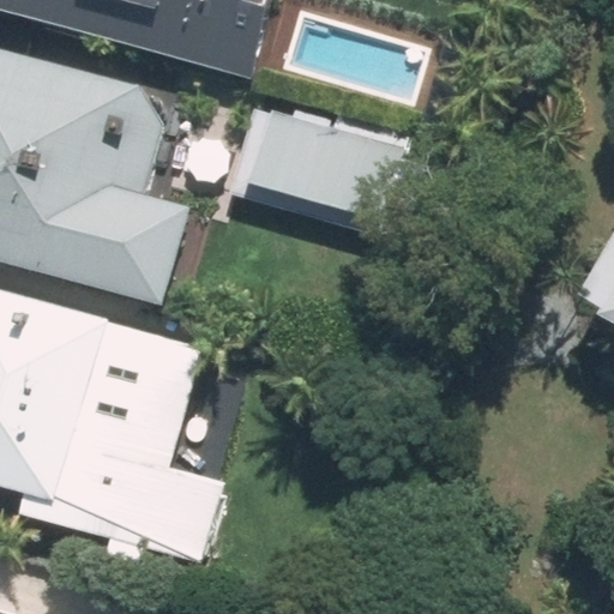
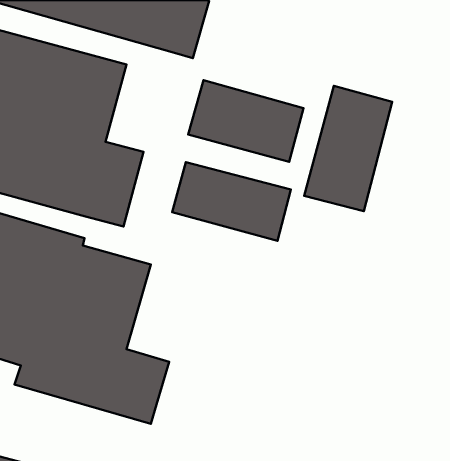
building: none -> [304,86,392,211]
building: none -> [172,162,291,241]

